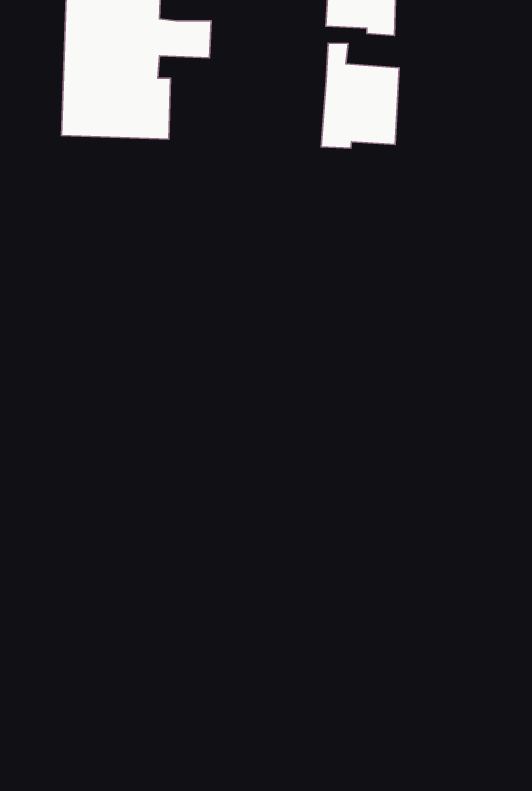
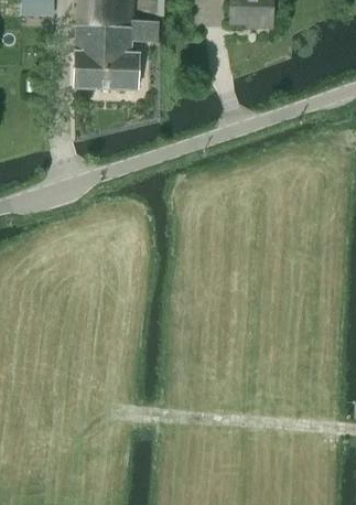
building: [321,43,399,148] -> none

